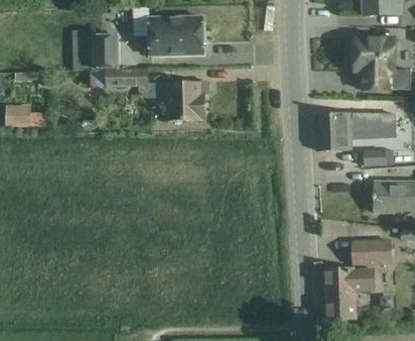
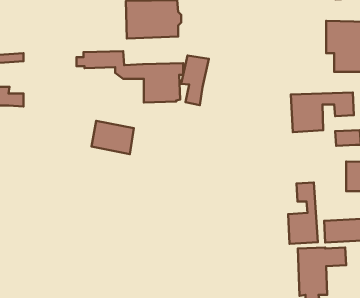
building: [72,29,119,69] -> none
building: none -> [181,55,209,105]
building: none -> [91,121,134,154]
building: none -> [288,182,318,244]

